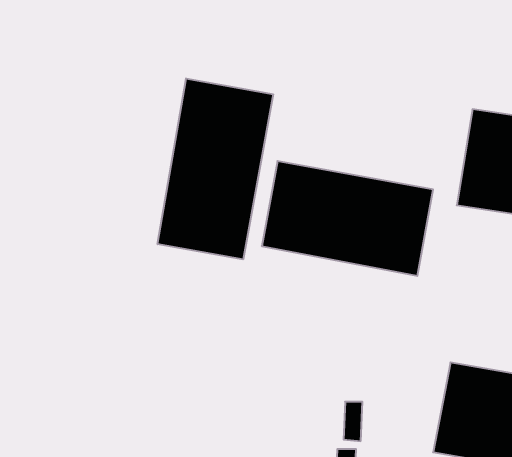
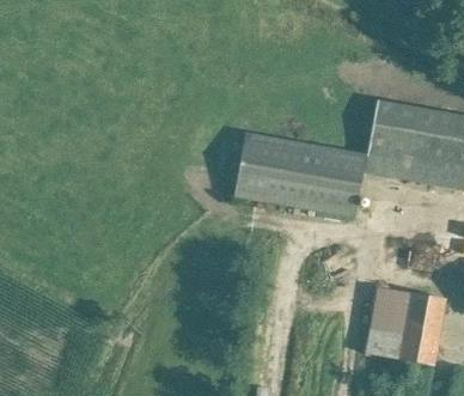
building: [158,78,273,259] -> none

